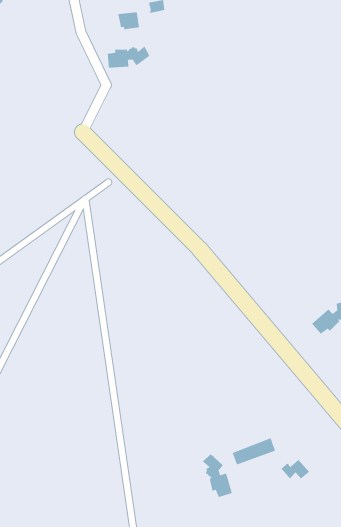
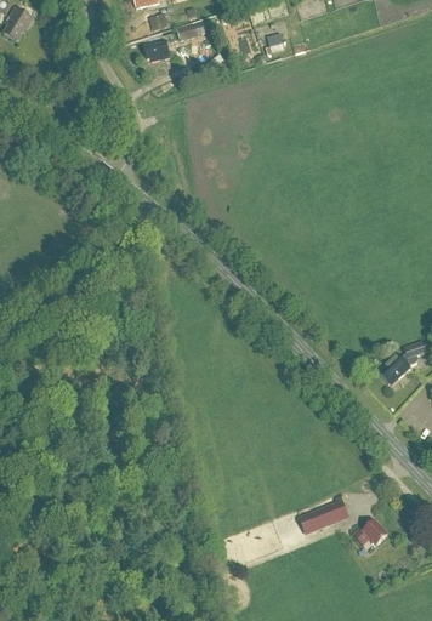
building: [107,46,150,68] -> none
building: [202,454,233,498] -> none

